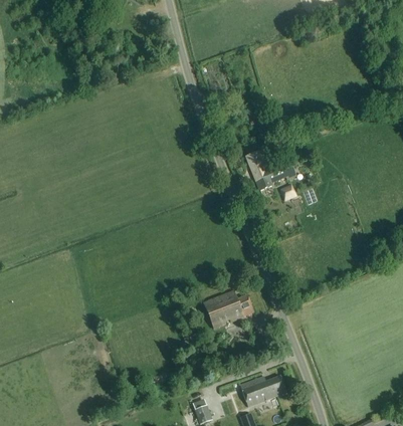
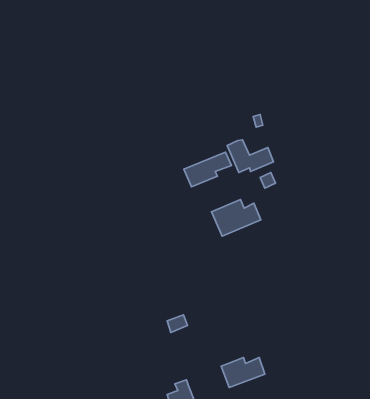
building: none -> [184,152,232,187]
building: [203,290,254,329] -> [211,199,261,236]

